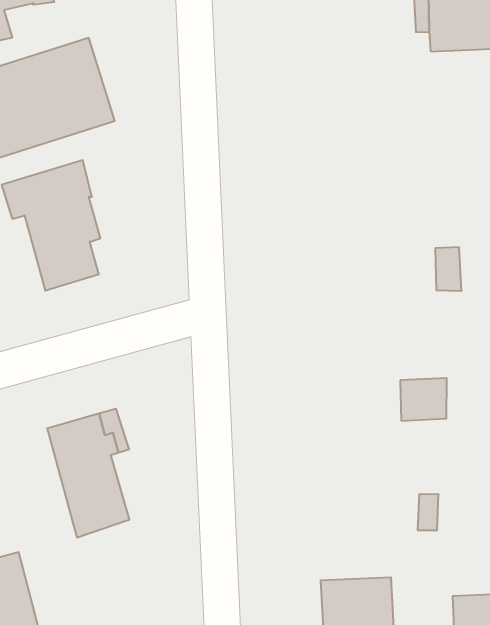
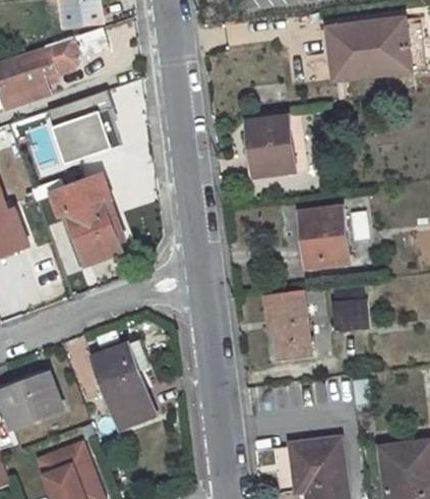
building: none -> [246,116,293,177]
building: none -> [299,207,349,268]
building: none -> [263,291,307,357]

